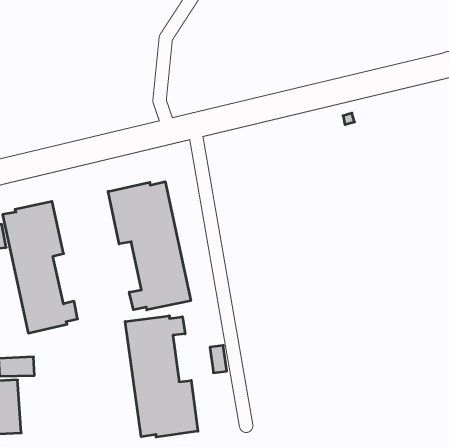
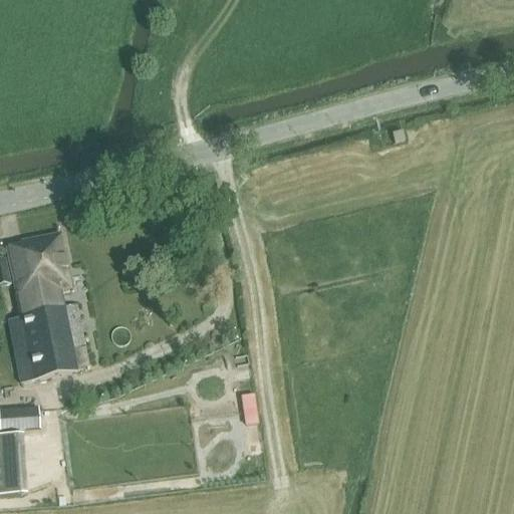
building: [108,182,191,310] -> none
building: [125,316,198,437] -> none

